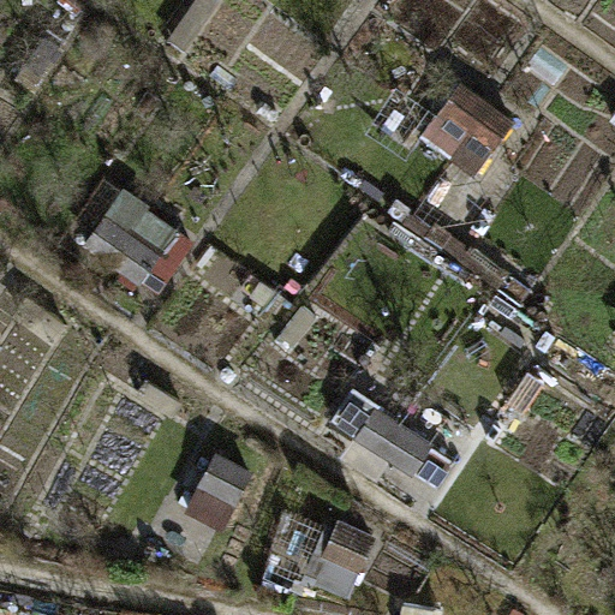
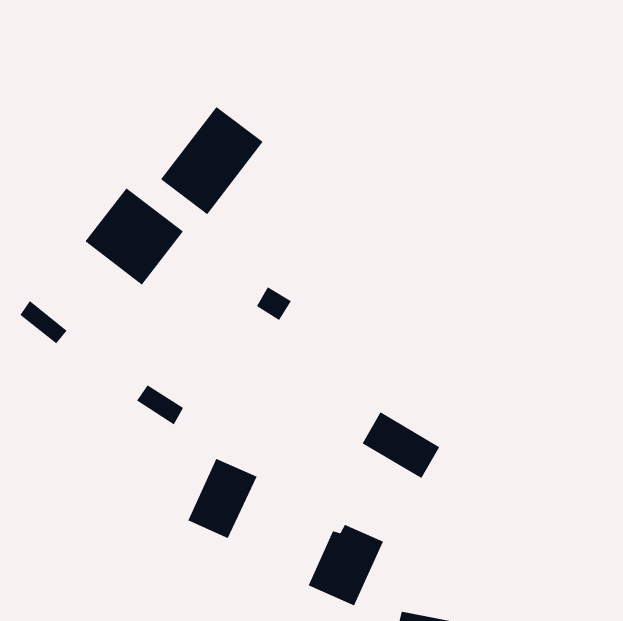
building: [423,82,513,177] -> none
building: none -> [160,106,264,215]

